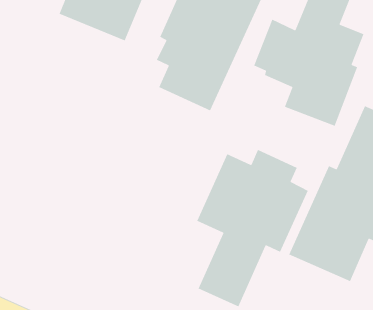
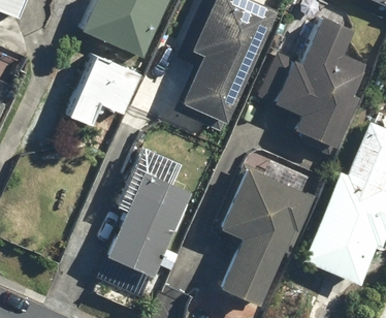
building: none -> [67,49,143,126]
building: none -> [101,171,190,286]

